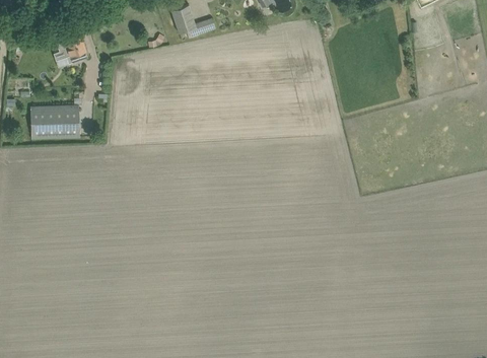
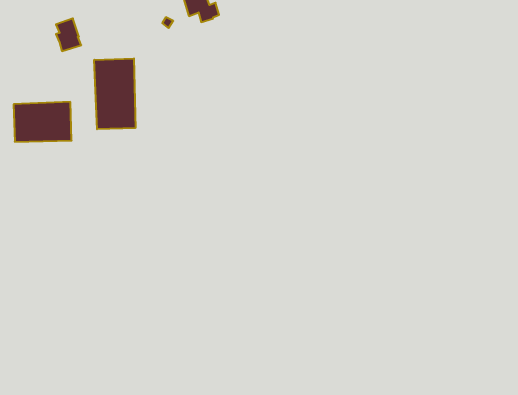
building: none -> [94,58,135,129]

